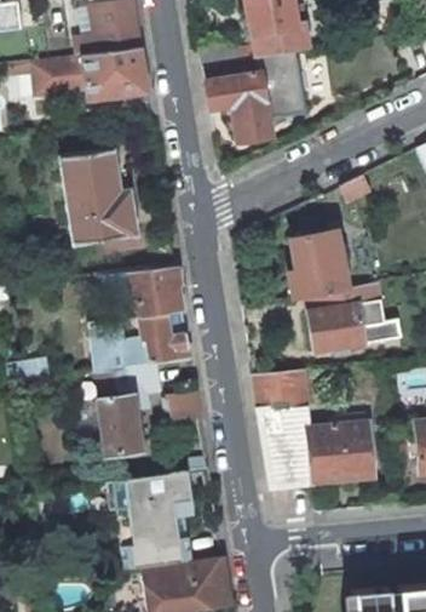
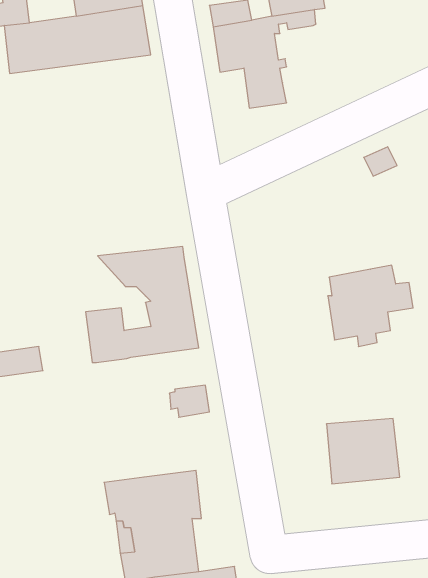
building: [260,63,303,118] -> none
building: [61,153,138,245] -> none
building: [288,230,347,297] -> none
building: [74,367,140,454] -> none
building: [254,370,312,487] -> none

